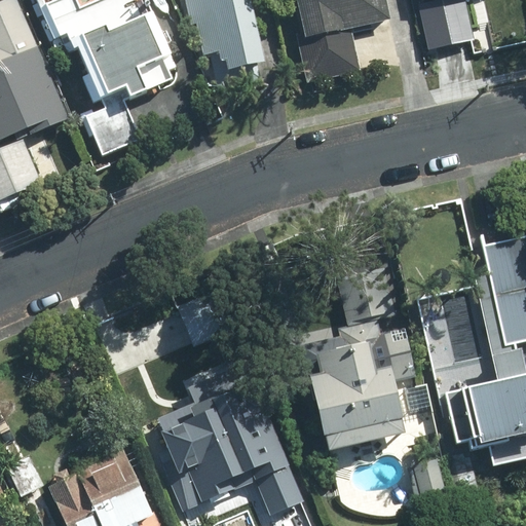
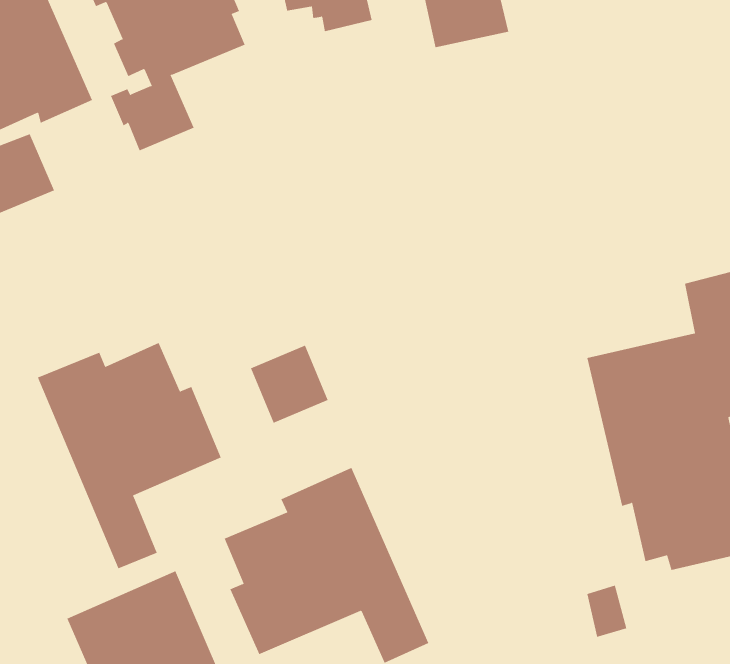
building: [300,272,417,450] -> none
building: none -> [37,342,221,569]

